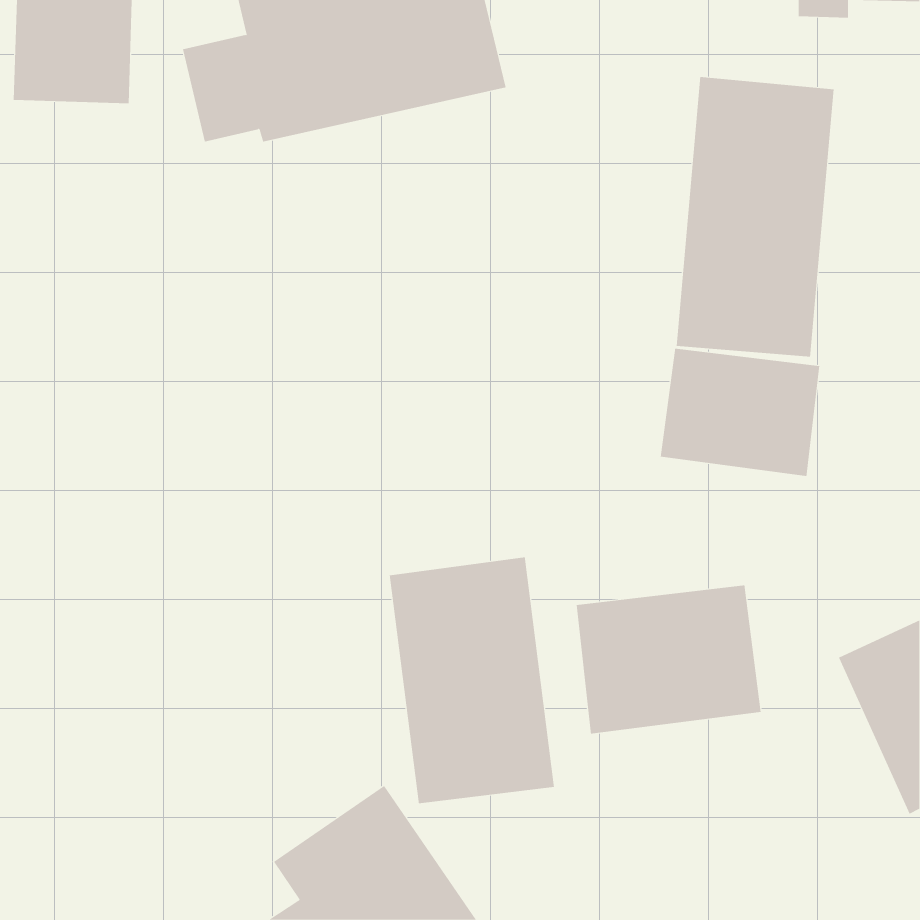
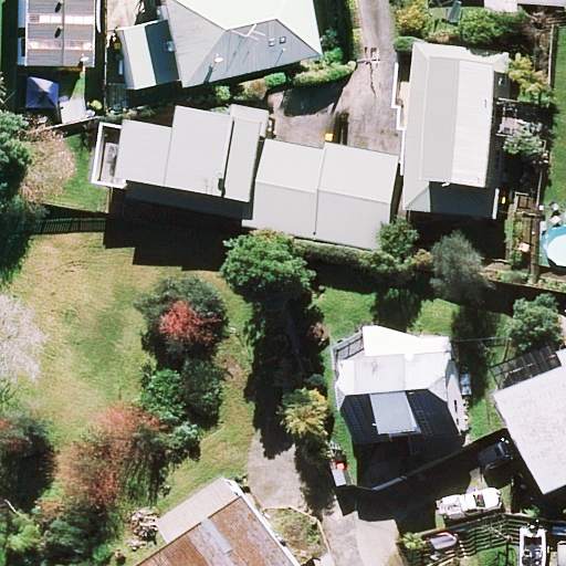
building: none -> [104,109,395,244]
building: [660,348,820,477] -> none
building: [389,557,555,804] -> none

